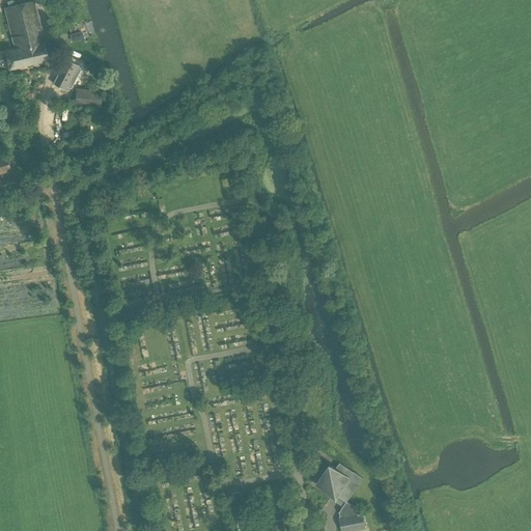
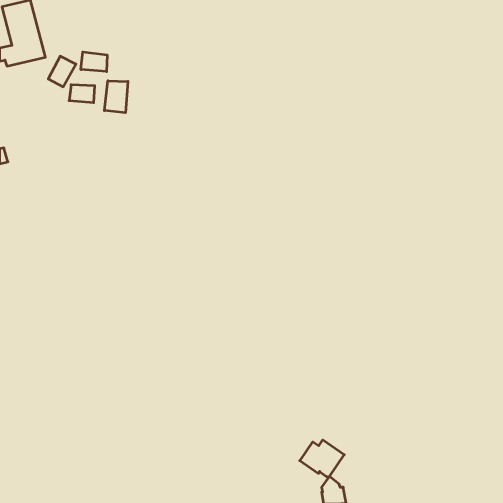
building: none -> [81,52,107,72]
building: none -> [104,81,128,113]

